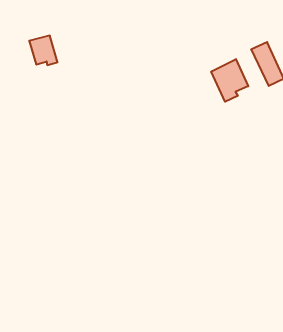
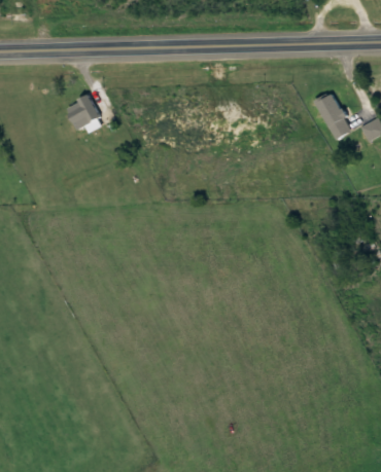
building: [211,59,248,102] -> none

